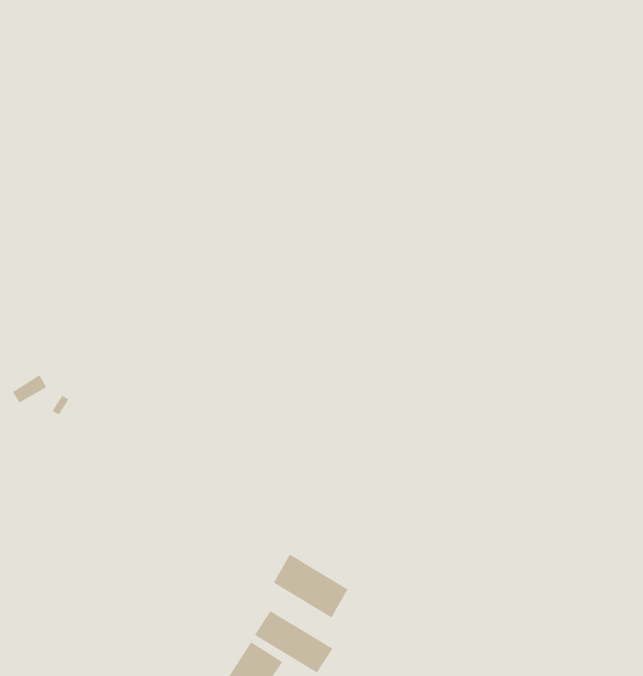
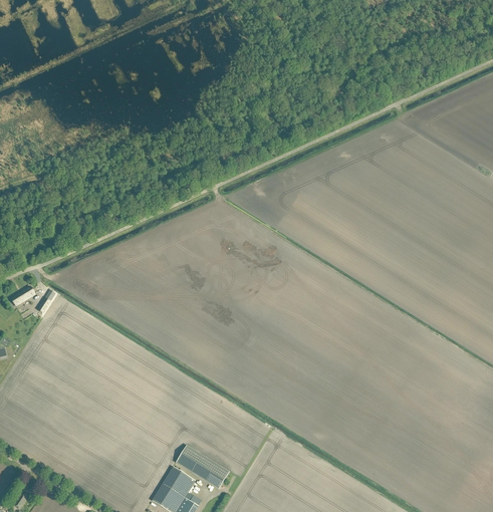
building: [273,554,349,619] -> none

